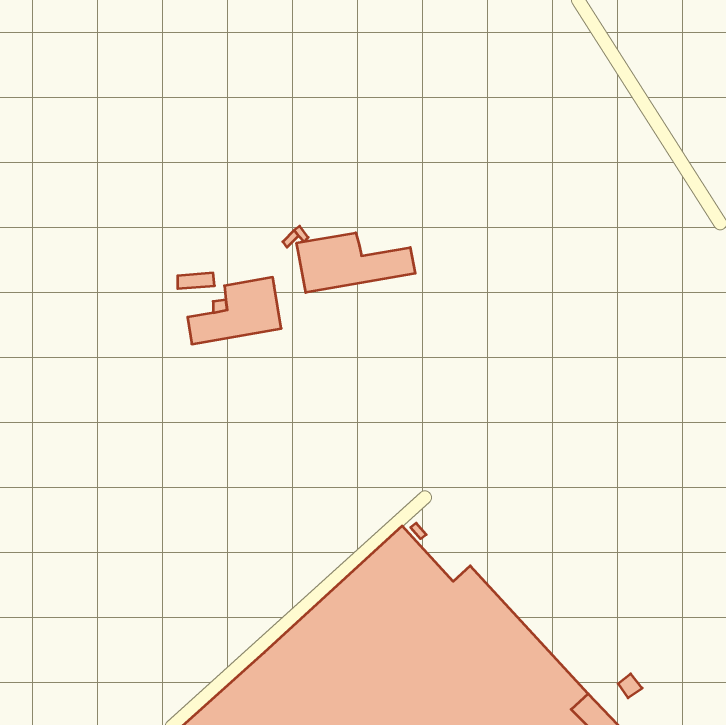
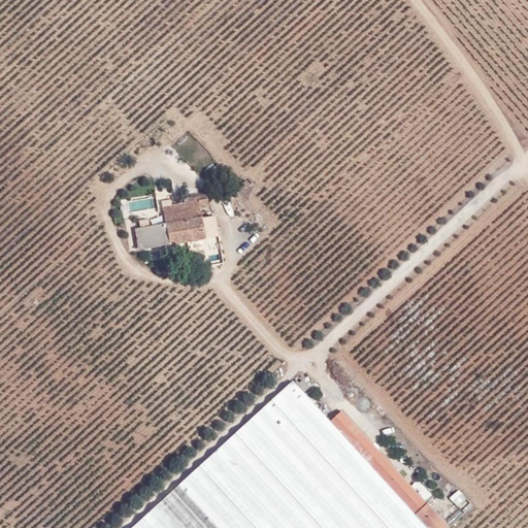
building: [297,233,415,293] -> none

